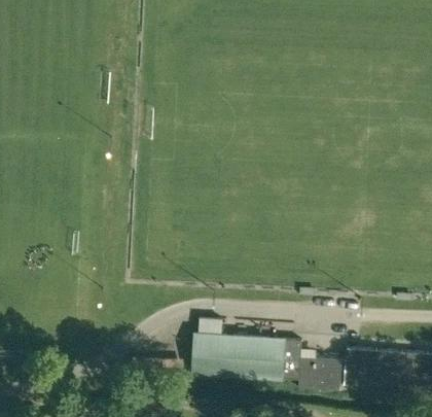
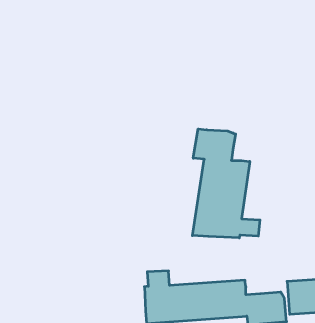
building: none -> [192,129,260,238]

